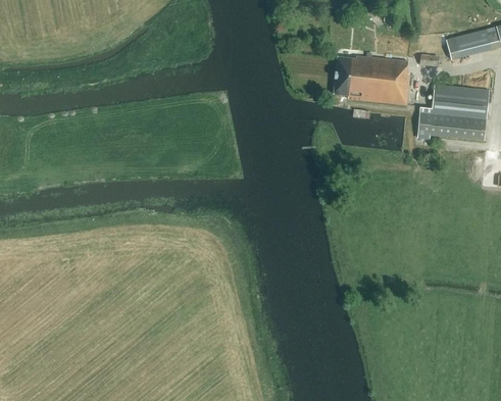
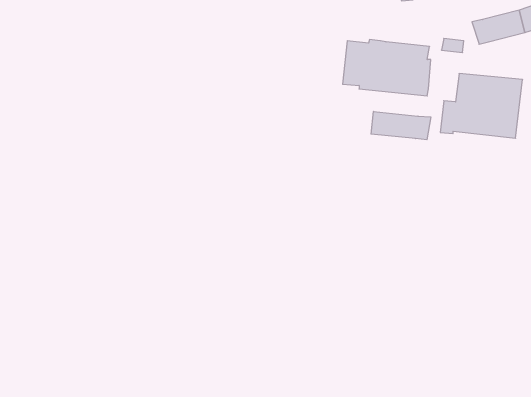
building: none -> [371,111,431,140]

